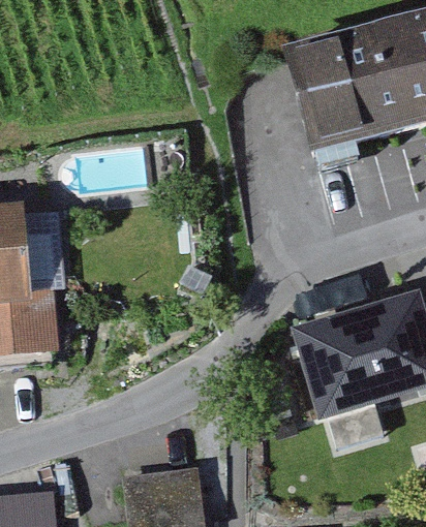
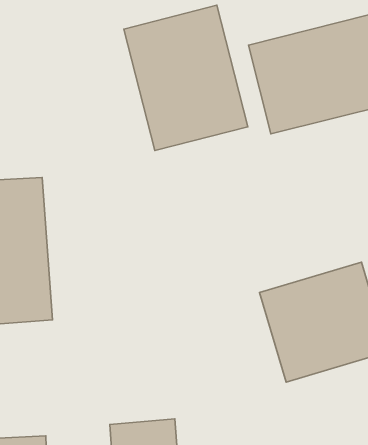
building: none -> [124,5,248,151]

